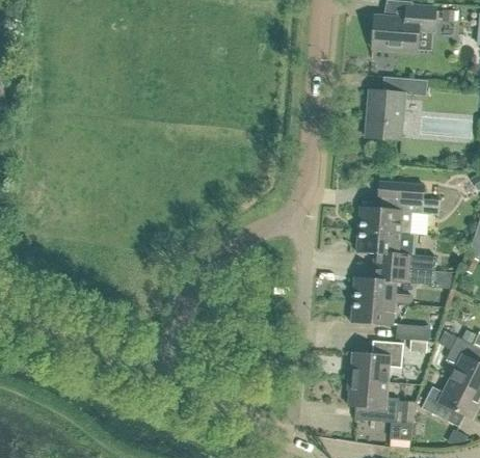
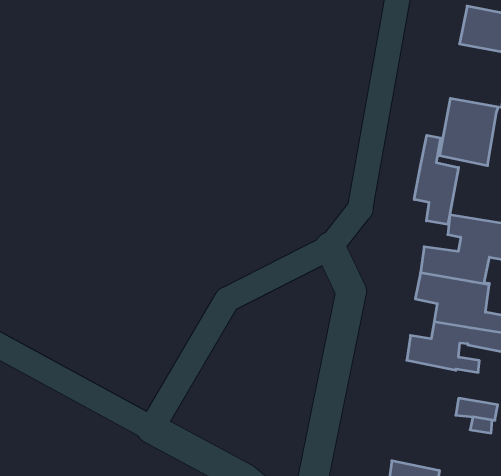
building: none -> [414,135,459,224]
building: [352,298,394,323] -> none
building: [350,340,403,382] -> none

